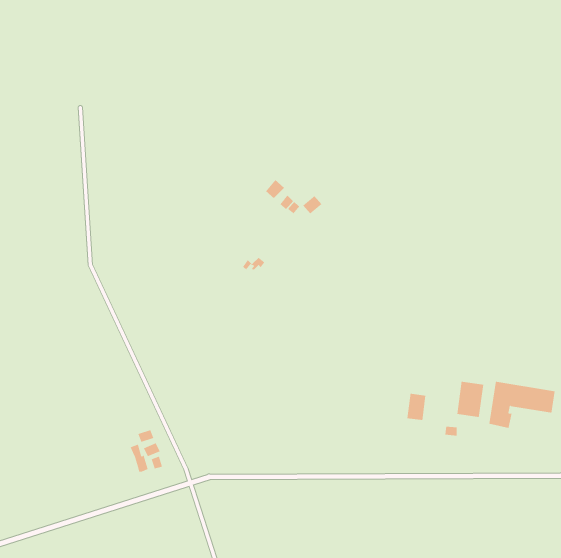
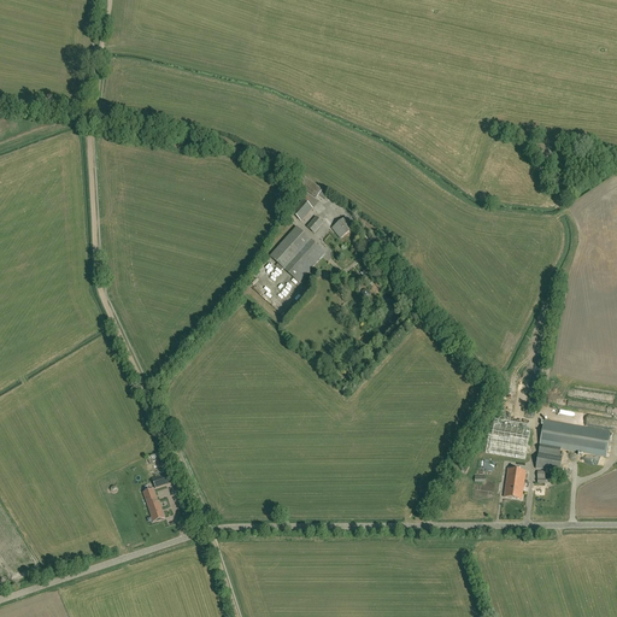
building: none -> [269,224,324,280]
building: [407,393,426,421] -> [503,466,524,496]

